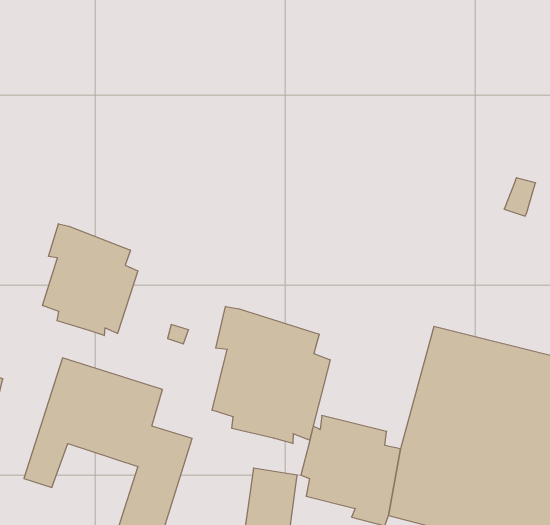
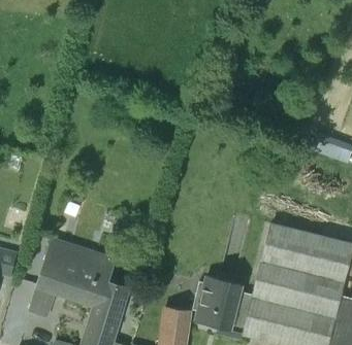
building: [43,224,138,336] -> none
building: [212,306,330,444] -> none

